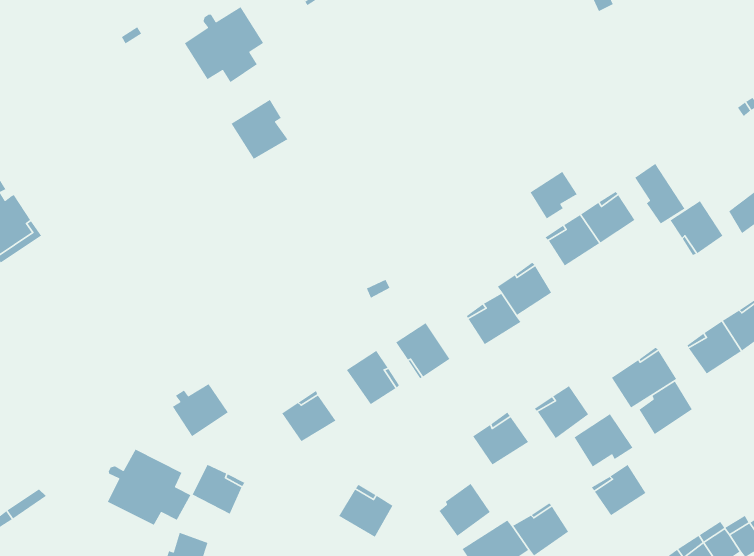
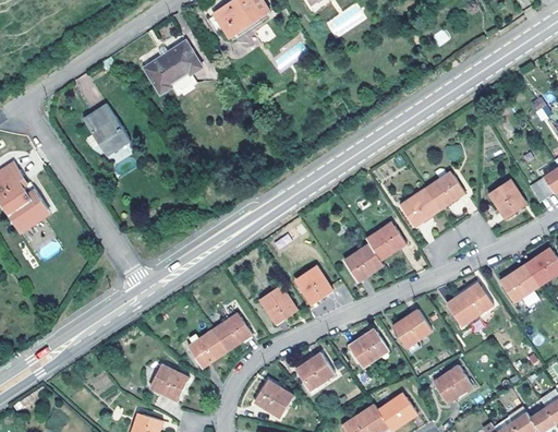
building: none -> [84,104,131,156]
building: [231,99,288,160] -> none
building: [634,163,685,225] -> none
building: [530,171,578,219] -> none
building: [638,380,693,435] -> none
building: [172,383,229,437] -> [187,329,228,368]
building: [574,413,633,468] -> none
building: [107,449,192,526] -> none
building: [439,483,491,537] -> [298,352,335,391]

